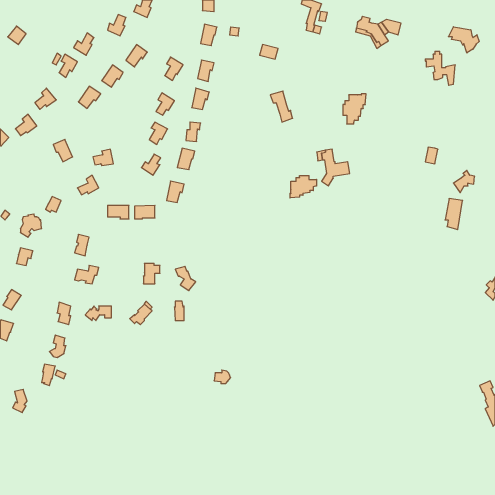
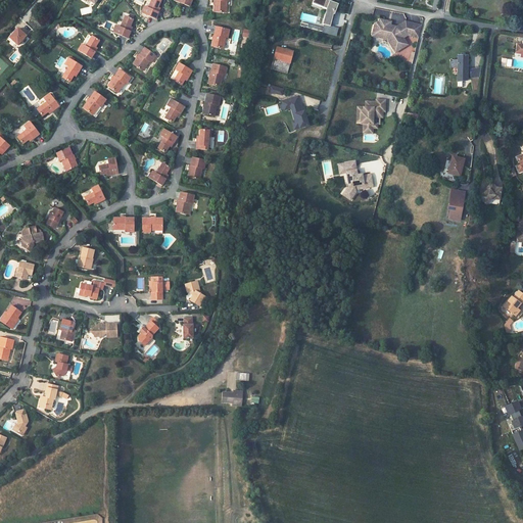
building: [448,27,479,53] -> none
building: [290,176,317,198] -> none
building: [445,199,463,230] -> [446,188,465,221]

